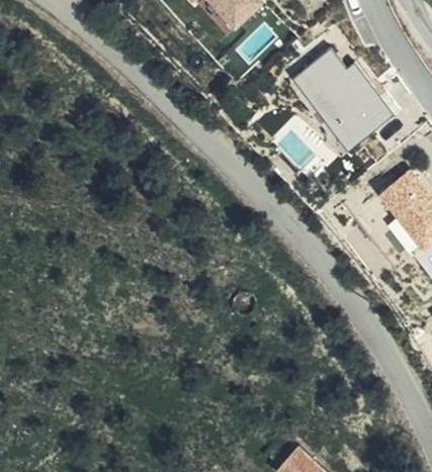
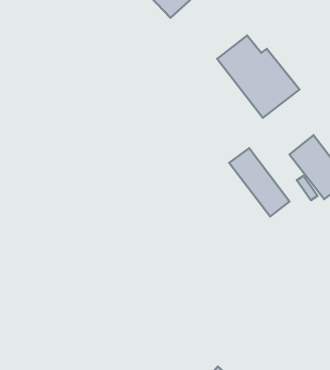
building: none -> [229,148,289,217]

